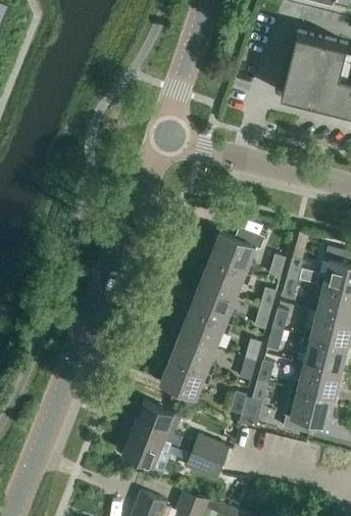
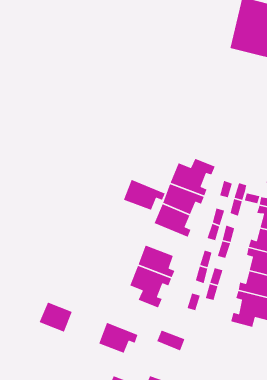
building: [180,309,232,347] -> [123,179,166,211]
building: [133,403,174,443] -> [38,301,73,335]
building: [187,452,222,479] -> none

